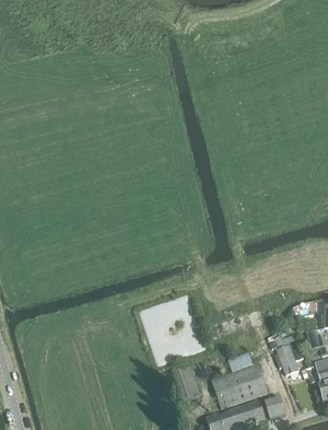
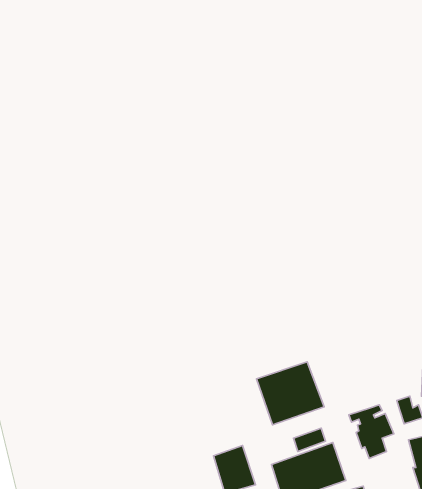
building: none -> [256,362,324,425]

